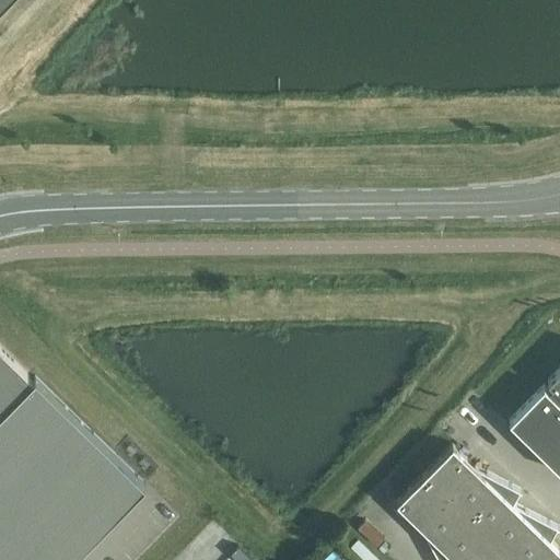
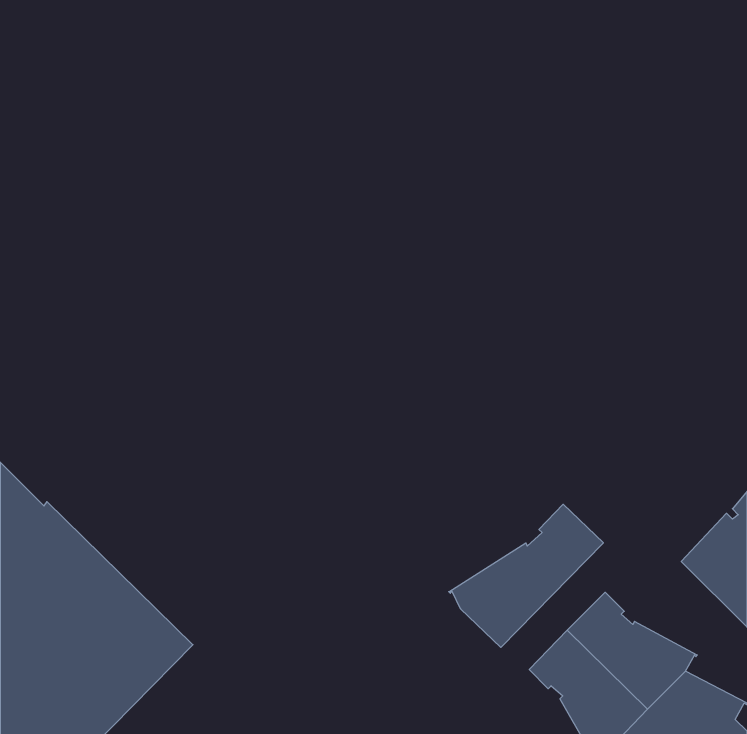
building: none -> [449,504,603,647]

